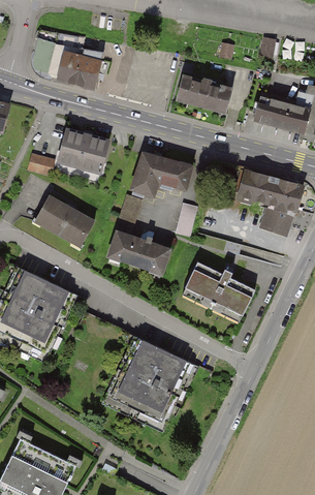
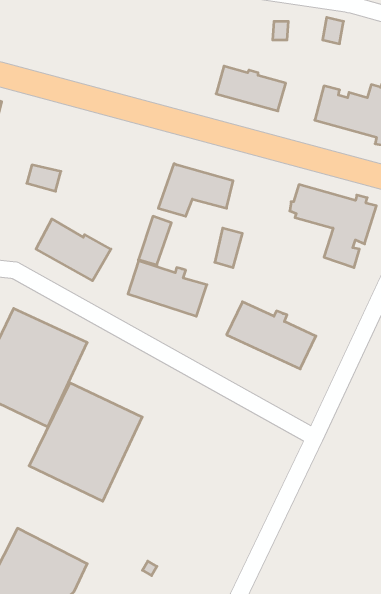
building: [33,38,103,89] -> none
building: [59,129,108,172] -> none
building: [103,337,192,430] -> [29,383,142,501]

